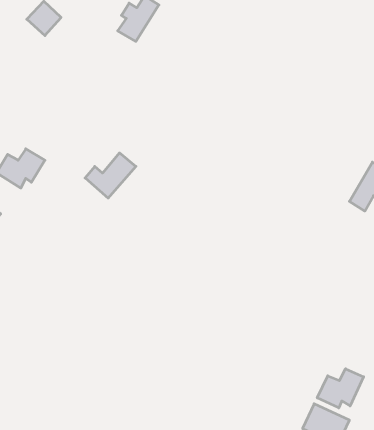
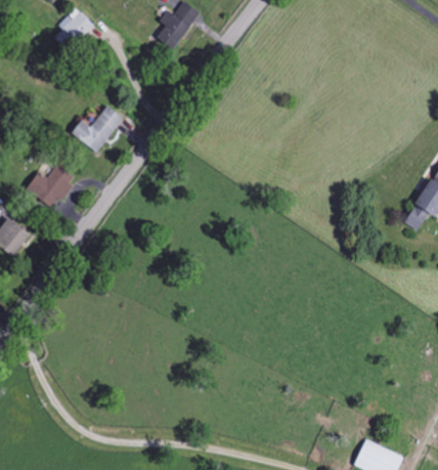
building: [85,153,136,198] -> [71,105,125,154]
building: [317,369,364,408] -> none

